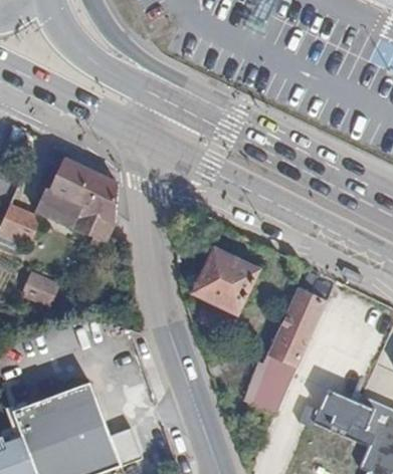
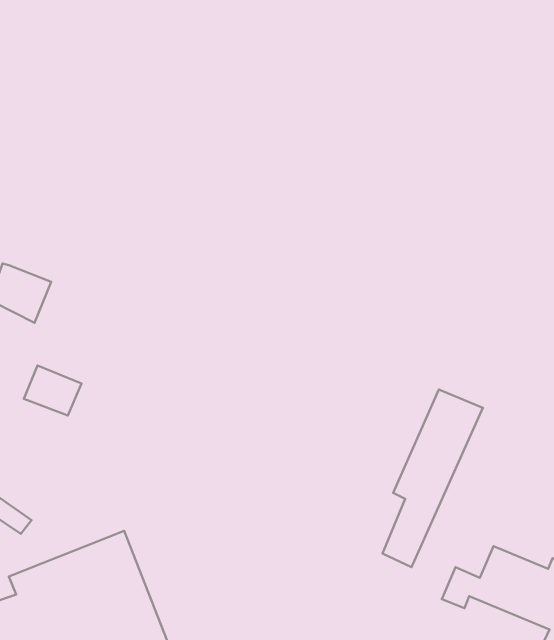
building: [34,158,117,250] -> none
building: [191,248,258,314] -> none

